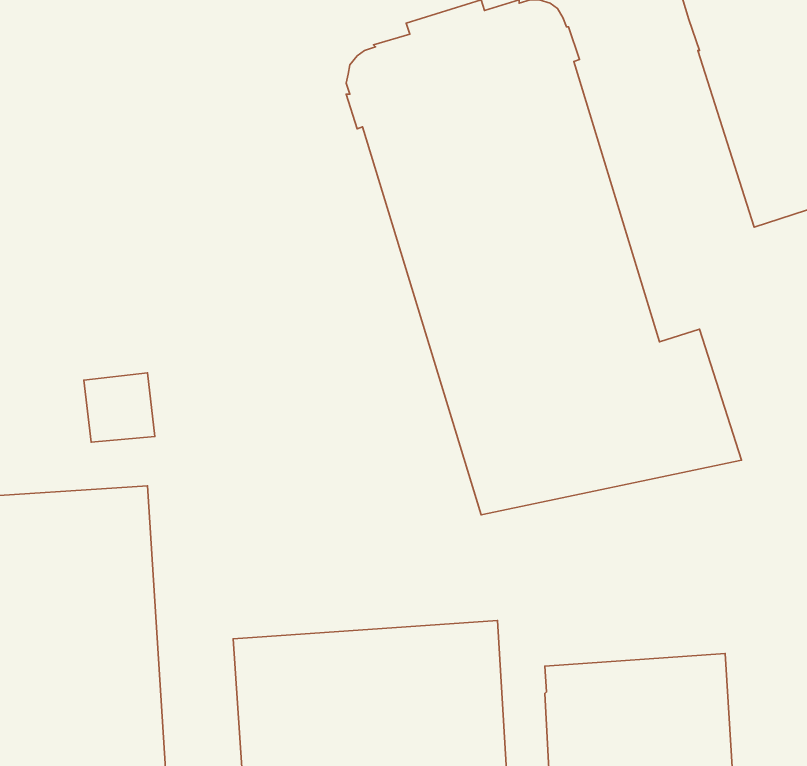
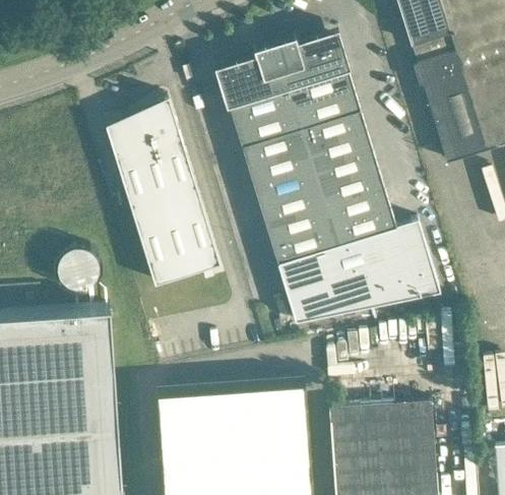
building: none -> [105,97,219,285]

